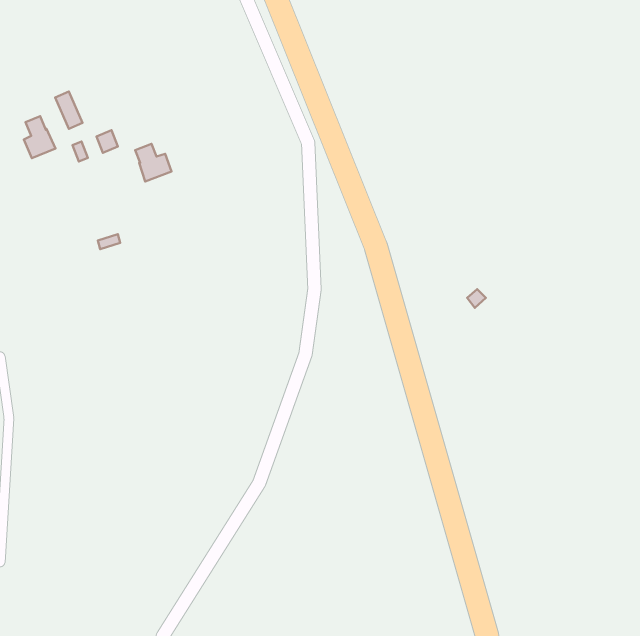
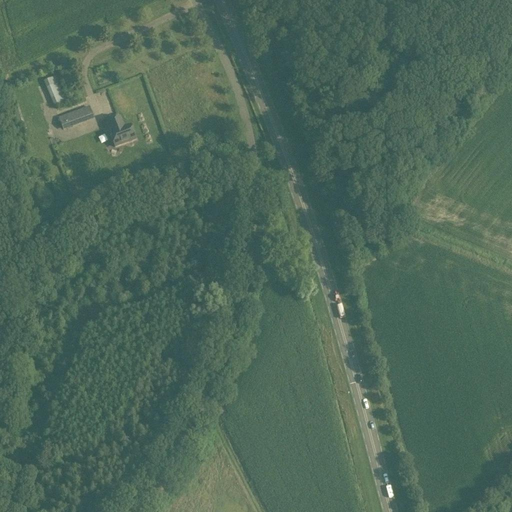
building: [24,116,56,158] -> none

